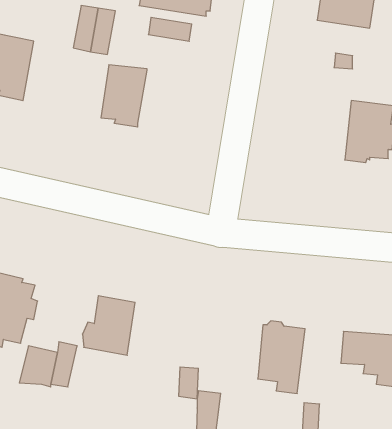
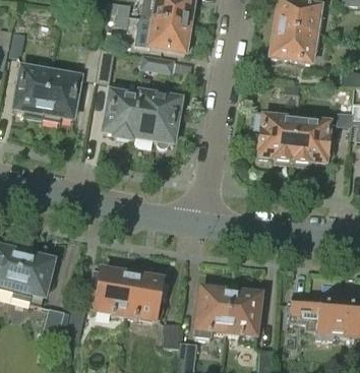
building: none -> [44,71,79,120]
building: none -> [132,75,180,145]
building: none -> [252,108,297,163]
building: none -> [124,272,164,319]
building: none -> [194,285,229,337]

